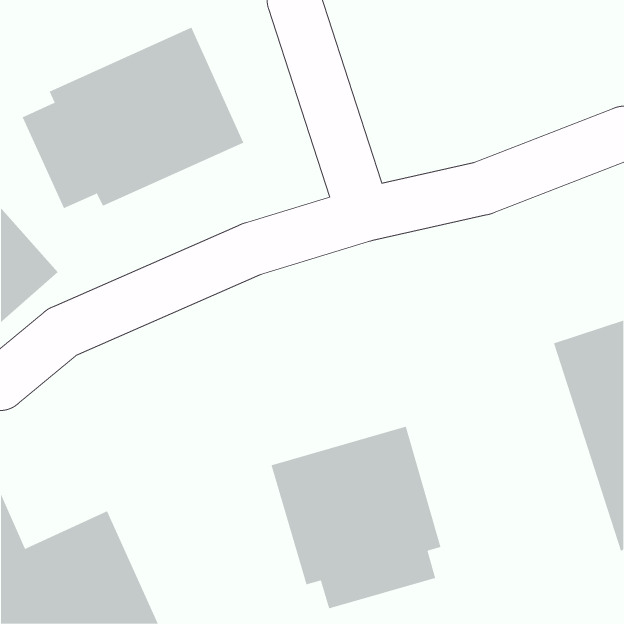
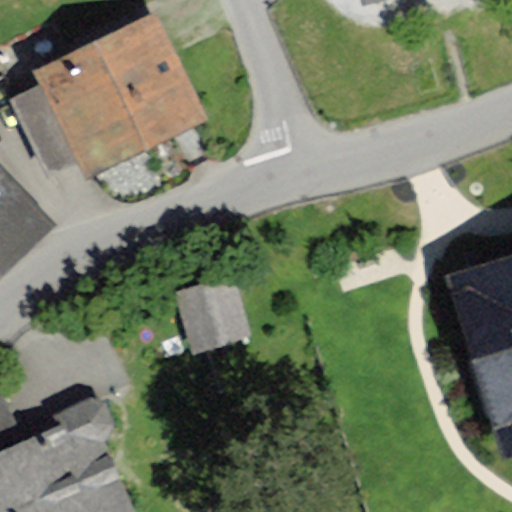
building: none -> [176,272,251,348]
building: [271,426,441,609] -> none

